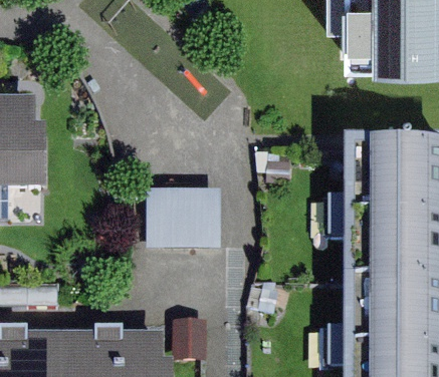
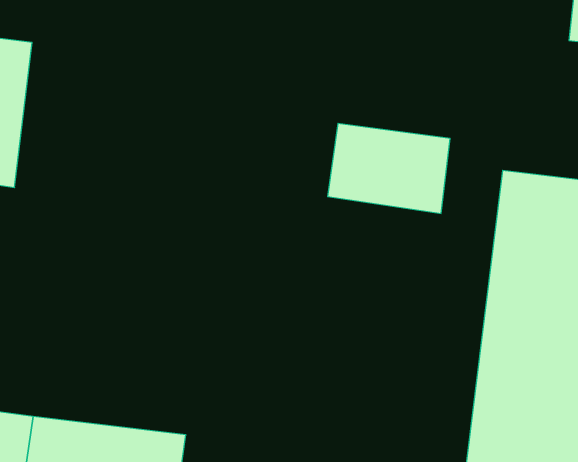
building: [154,197,227,246] -> [328,123,450,213]

